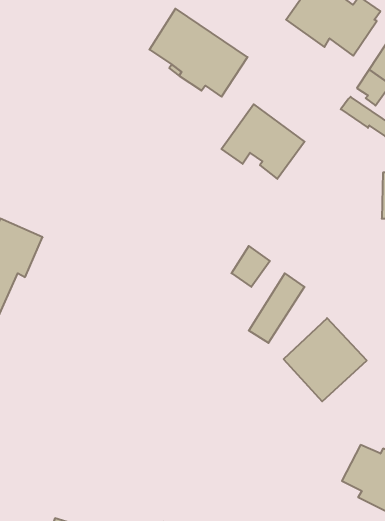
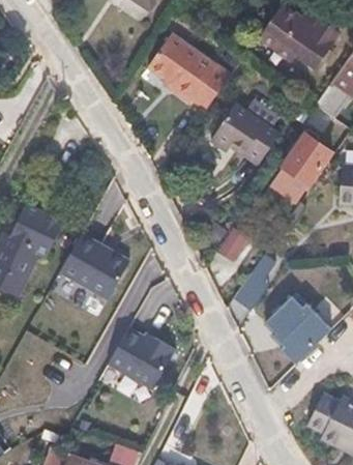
building: none -> [271,134,331,201]
building: none -> [60,233,129,298]
building: none -> [109,337,176,397]

